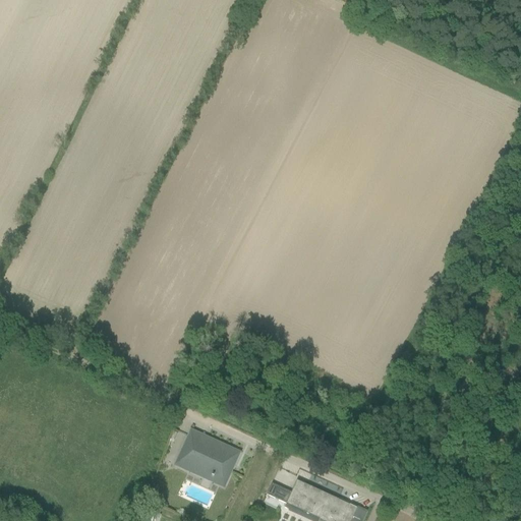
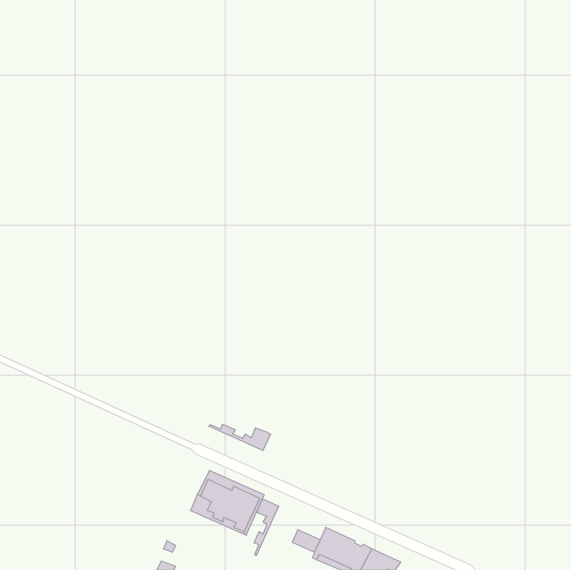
building: none -> [209,424,270,451]
building: none -> [254,499,279,556]

